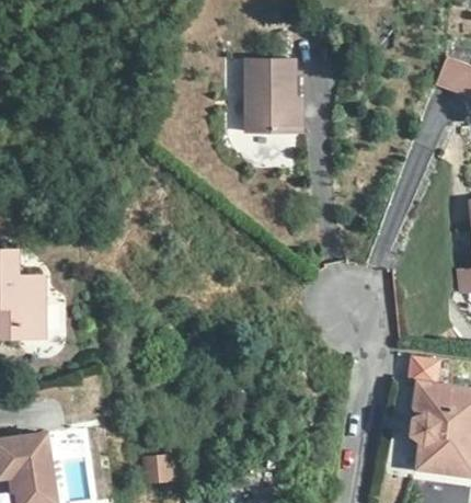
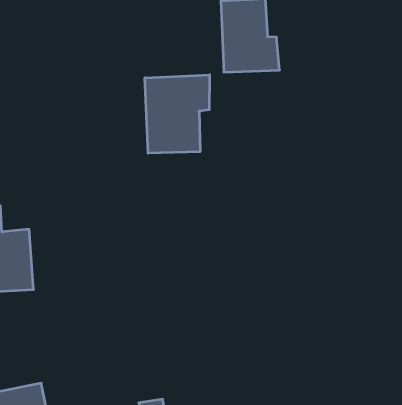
building: none -> [145,75,210,153]

